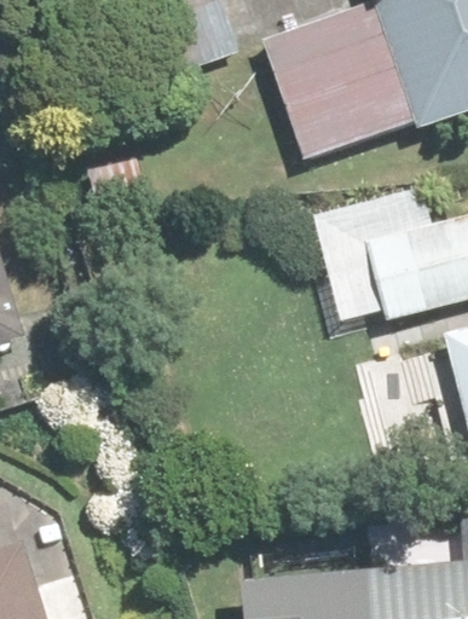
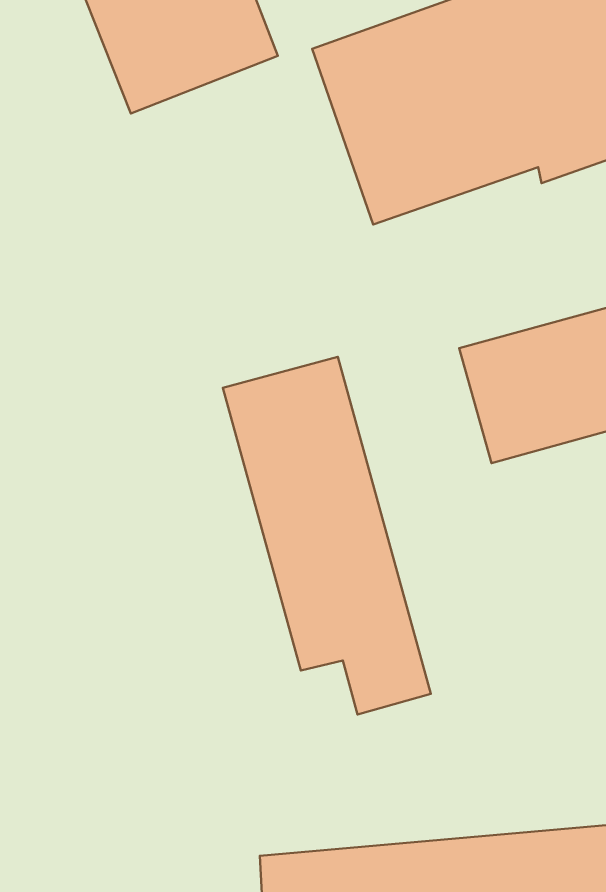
building: none -> [223,357,431,715]

